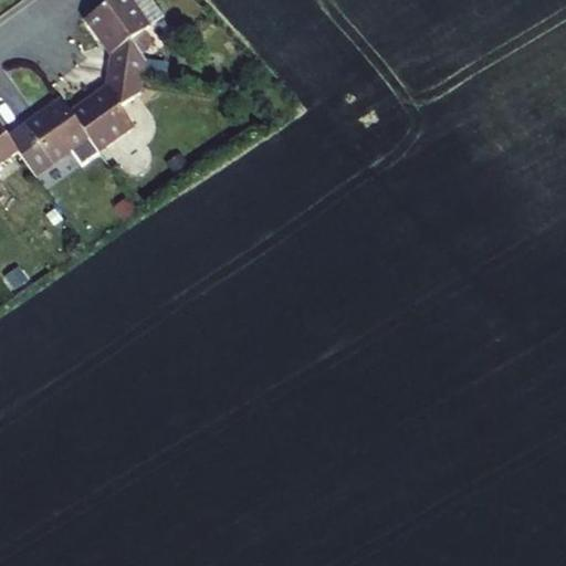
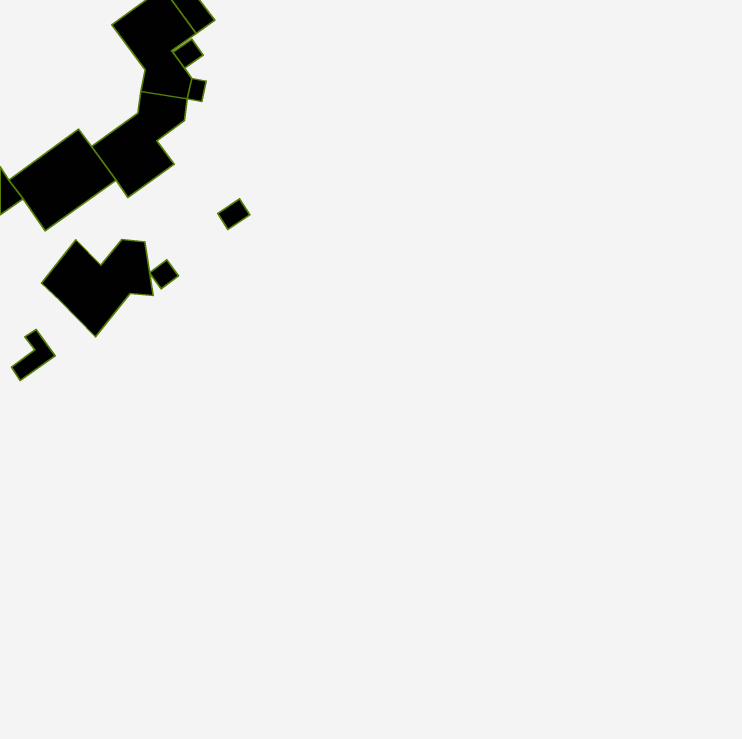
building: none -> [41,240,153,337]

